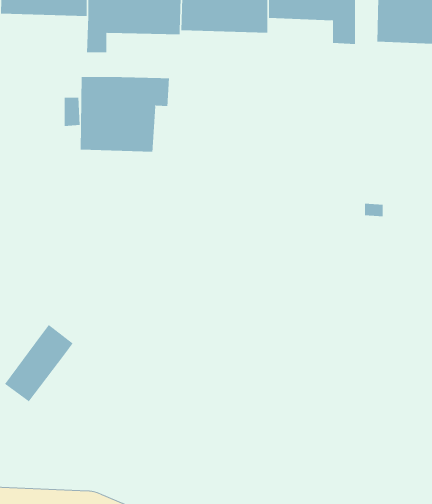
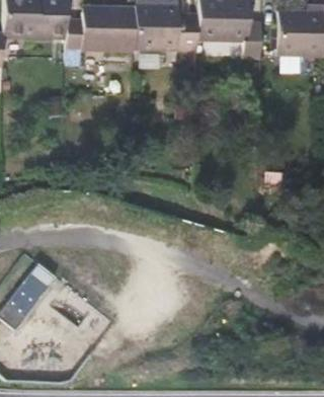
building: [80,76,169,152] -> none

